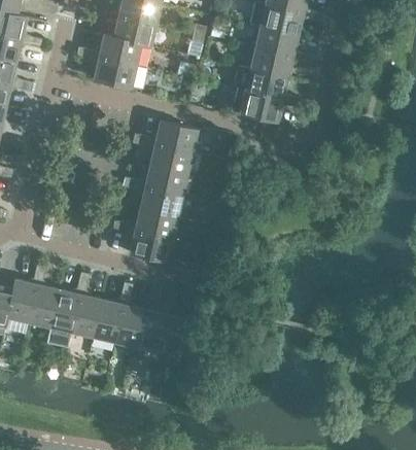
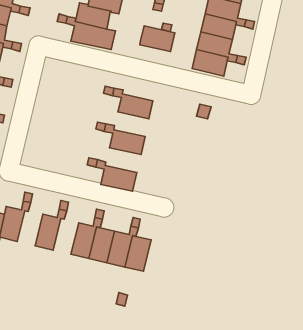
building: [154,122,197,152] -> [140,26,175,52]
building: [144,166,186,196] -> none
building: [134,209,177,239] -> none
building: [28,285,59,327] -> none
building: [71,295,102,338] -> none

